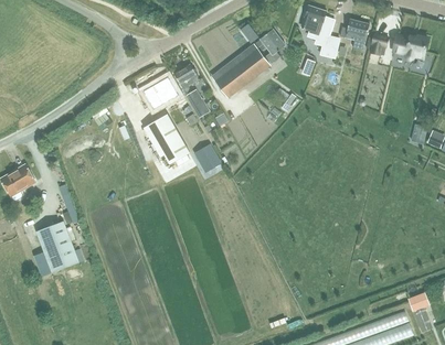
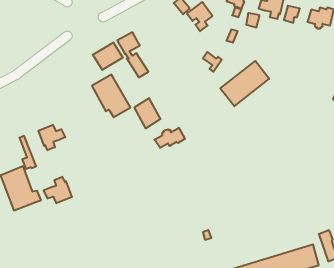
building: [212,44,269,97] -> [220,61,269,106]
building: none -> [38,125,65,150]
building: none -> [154,128,185,148]
building: none -> [44,177,72,203]

